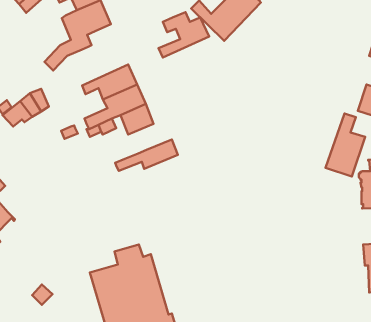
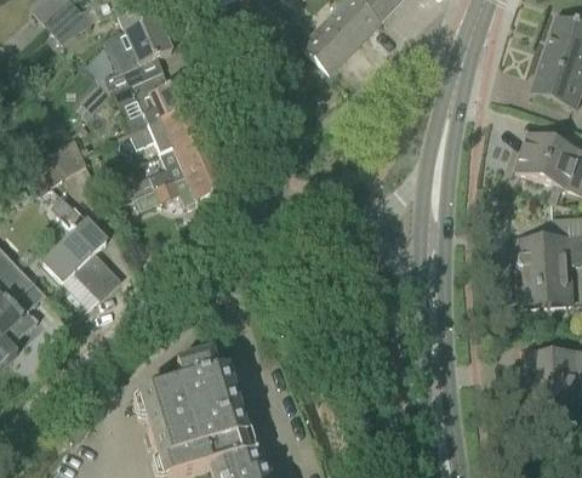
building: [158,12,209,58] -> [127,69,198,132]
building: [326,114,365,177] -> none
building: none -> [45,193,121,296]
building: [115,139,178,171] -> none

